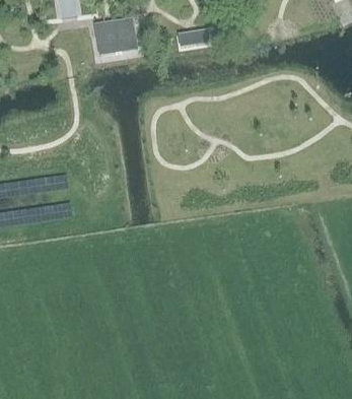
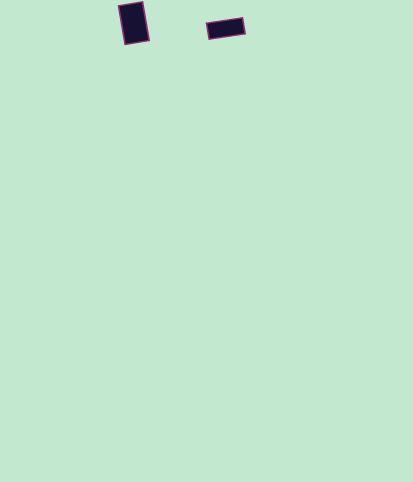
building: [95,21,119,53] -> none

